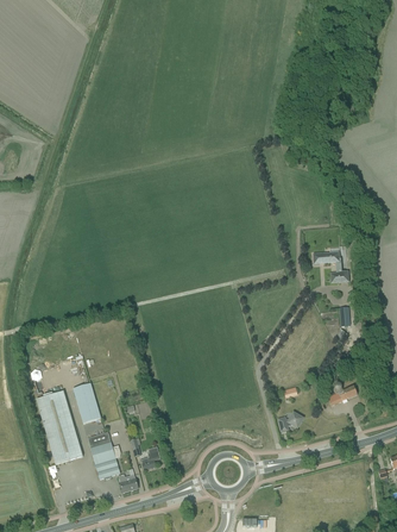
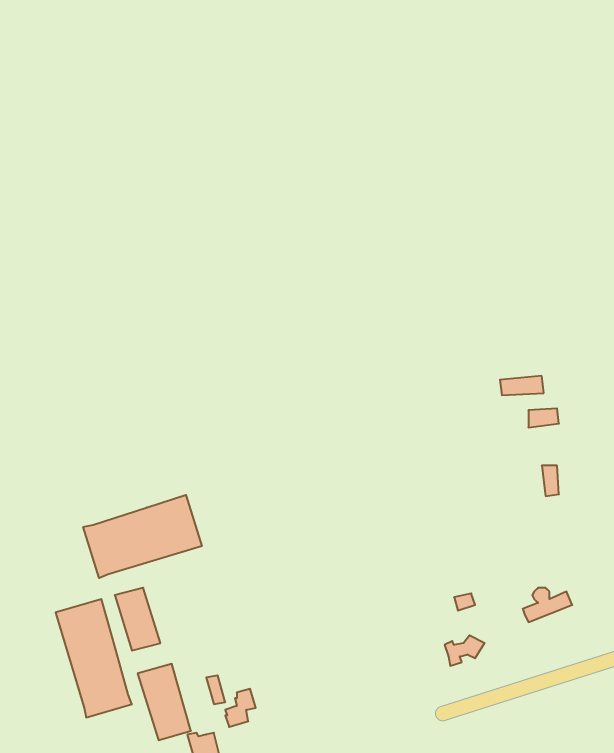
building: none -> [83,495,202,578]

